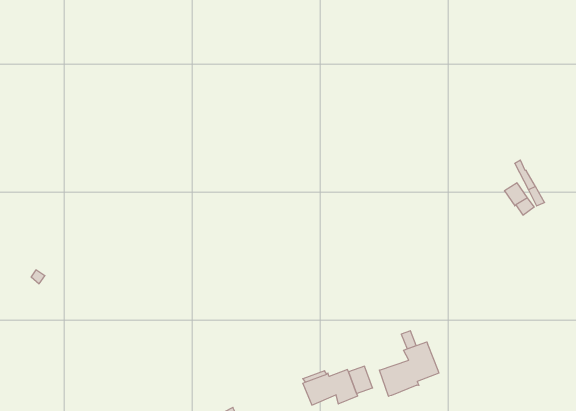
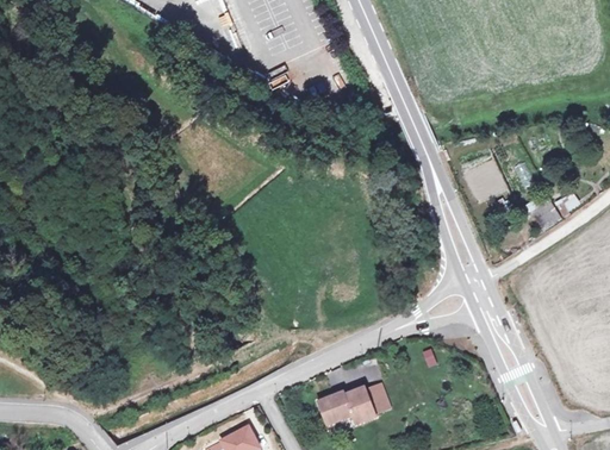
building: [379,342,439,396] -> none

